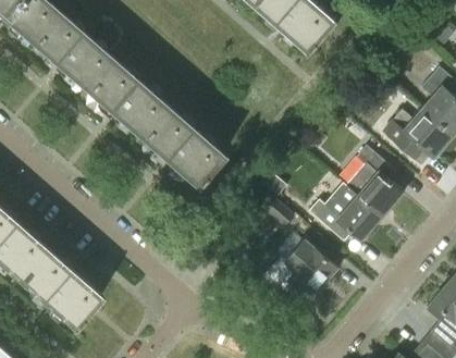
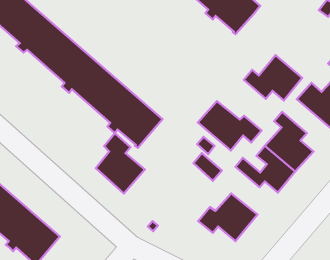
building: none -> [244,55,302,100]
building: none -> [198,101,262,150]
building: none -> [96,133,145,194]

